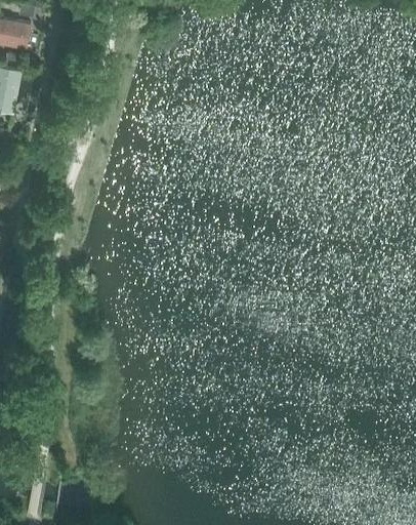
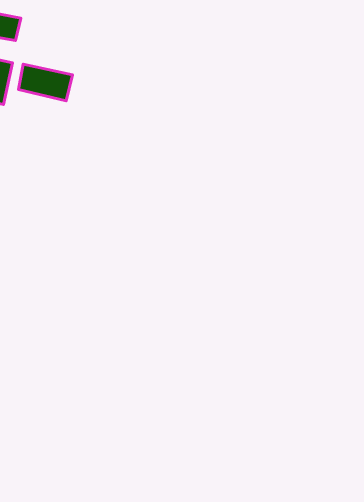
building: none -> [18,64,72,101]

